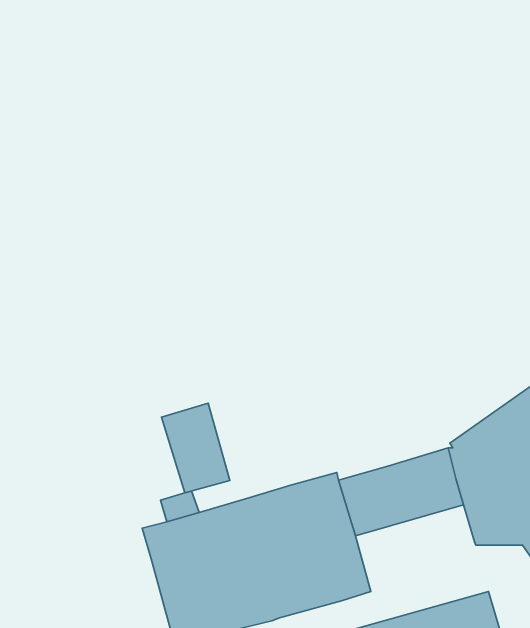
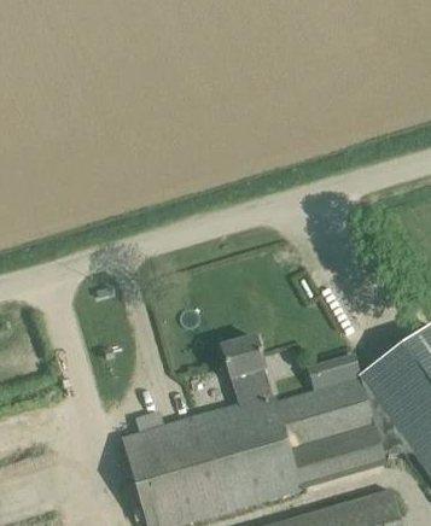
building: [162,403,230,493] -> [221,335,274,405]
building: none -> [307,353,361,391]
building: none -> [289,421,386,489]

